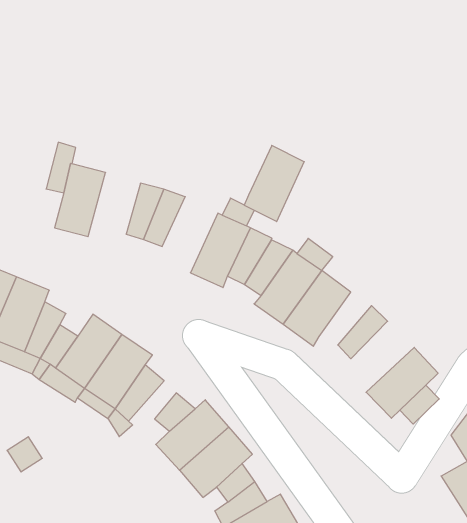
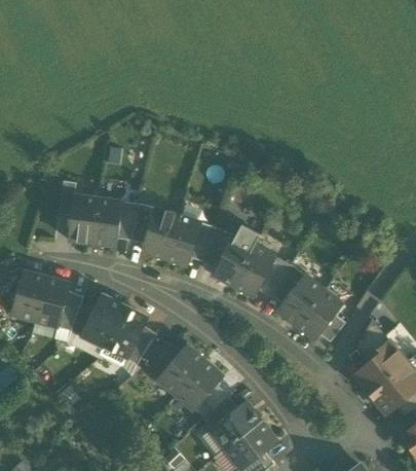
building: [244,145,304,222] -> [142,208,179,259]
building: none -> [92,198,123,247]
building: none -> [259,258,292,296]
building: none -> [276,275,325,325]

